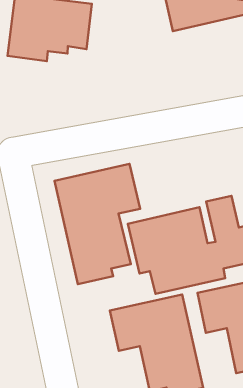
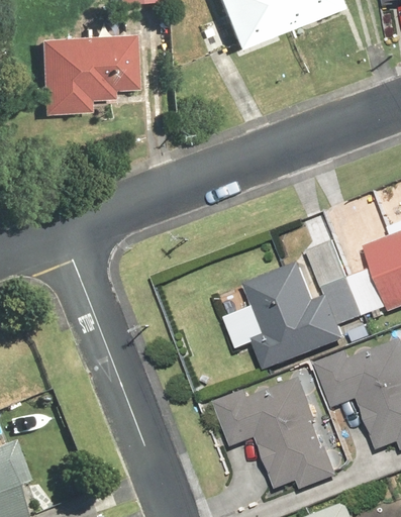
building: [55,164,140,284] -> none

